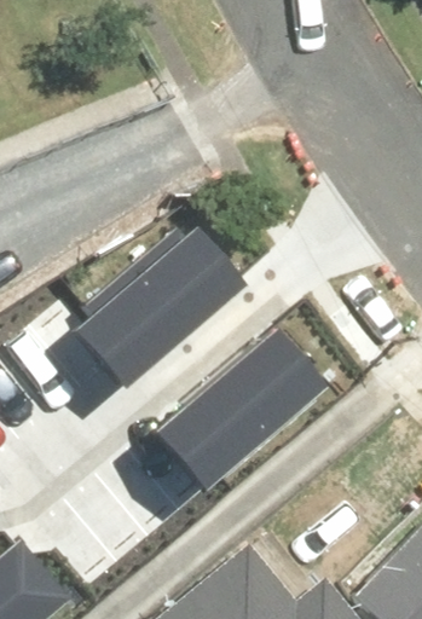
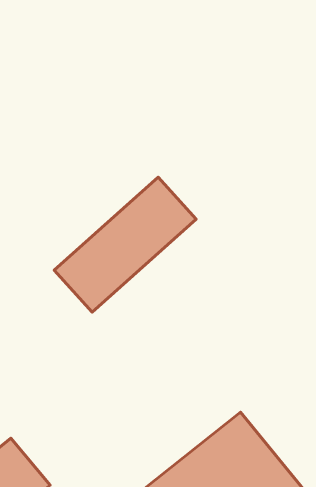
building: [156,332,330,491] -> none

